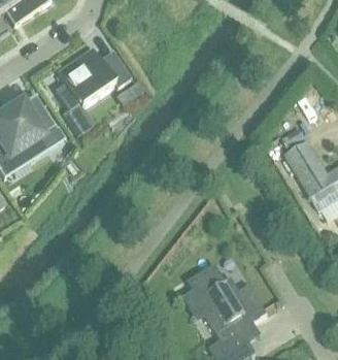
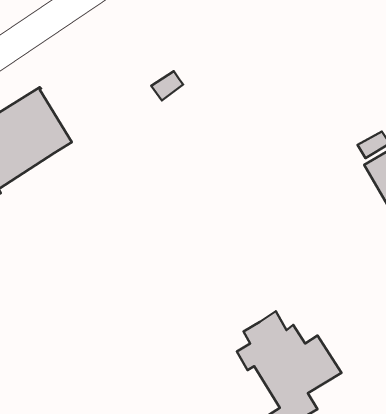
building: [55,50,131,134] -> none

